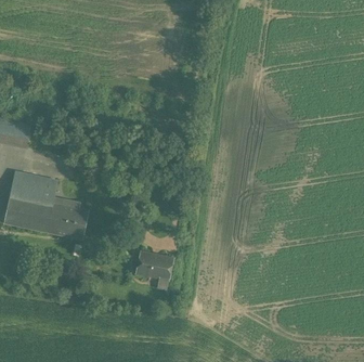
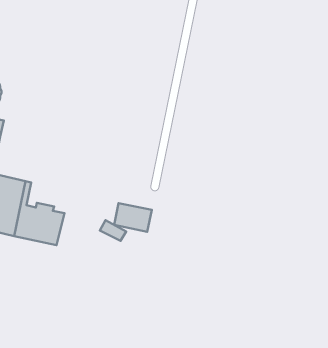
building: [136,253,172,280] -> [114,203,152,232]

